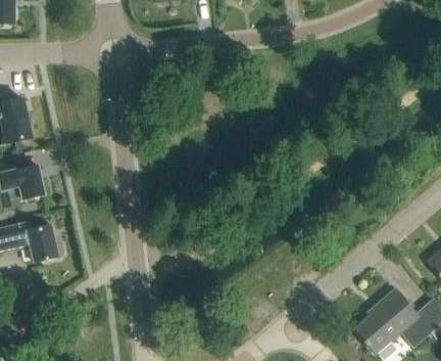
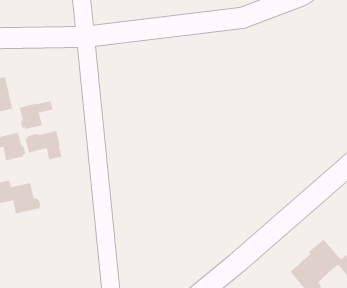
building: none -> [19,100,53,130]
building: none -> [25,130,62,160]

